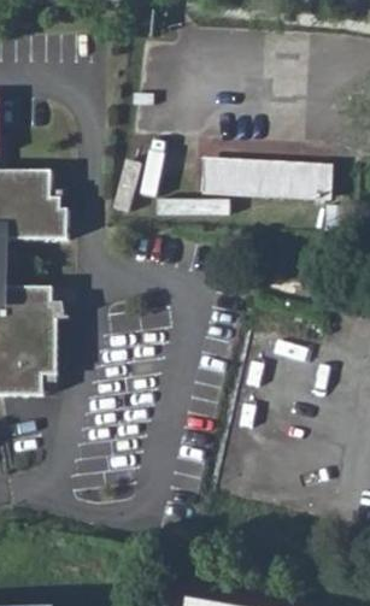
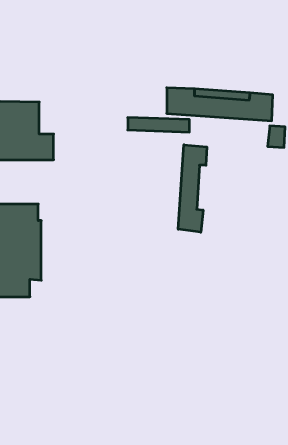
building: none -> [178,145,207,232]

